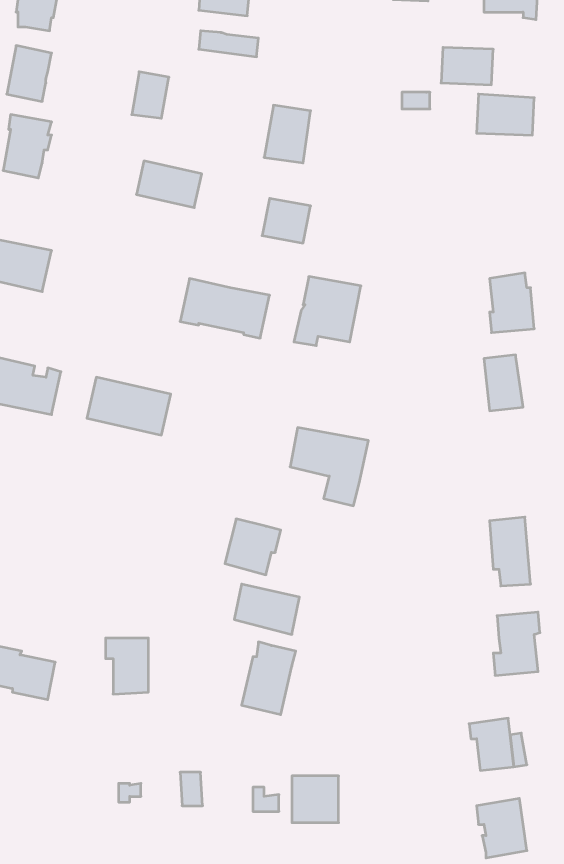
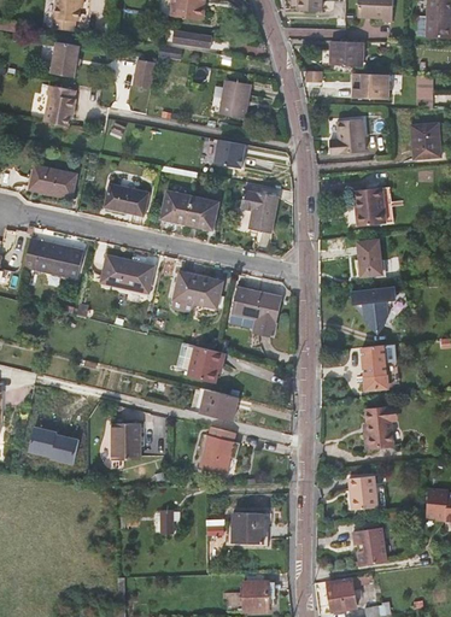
building: [136,161,202,208] -> [105,184,147,215]
building: none -> [328,119,364,153]
building: none -> [171,270,223,312]
building: none -> [350,287,394,331]

